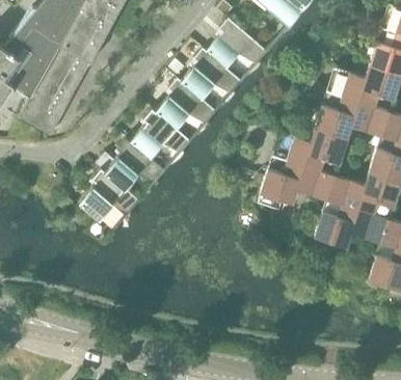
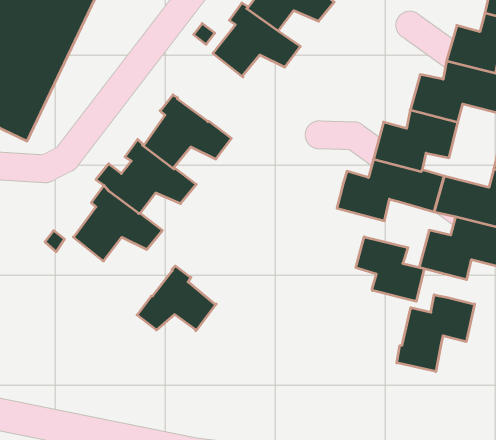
building: [156,79,216,130] -> none
building: none -> [356,237,424,301]
building: none -> [137,266,216,331]
building: none -> [397,295,475,372]

